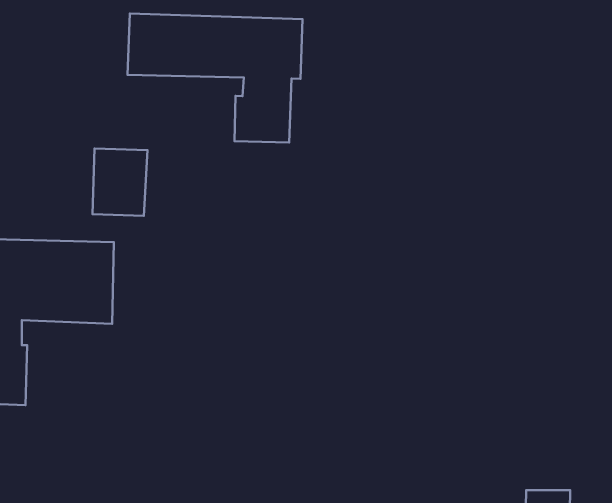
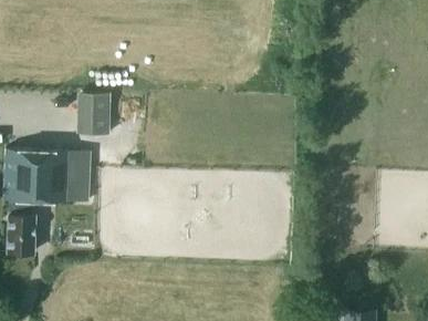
building: [128,14,303,142] -> none

